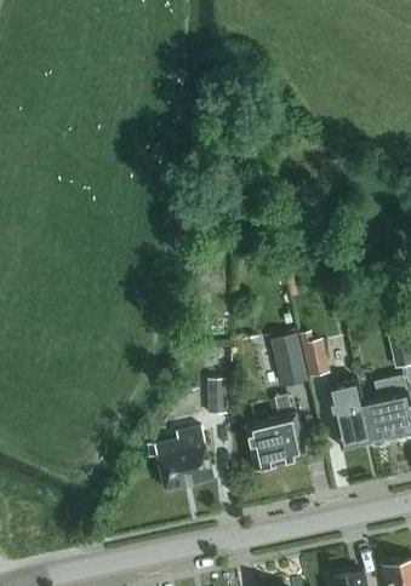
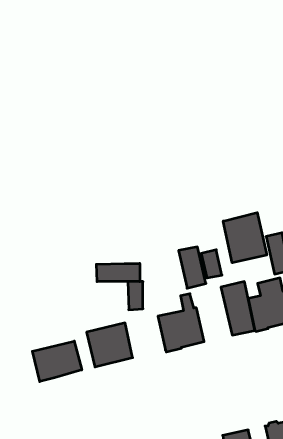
building: none -> [223,213,267,263]
building: none -> [96,263,140,282]
building: none -> [32,341,82,382]

